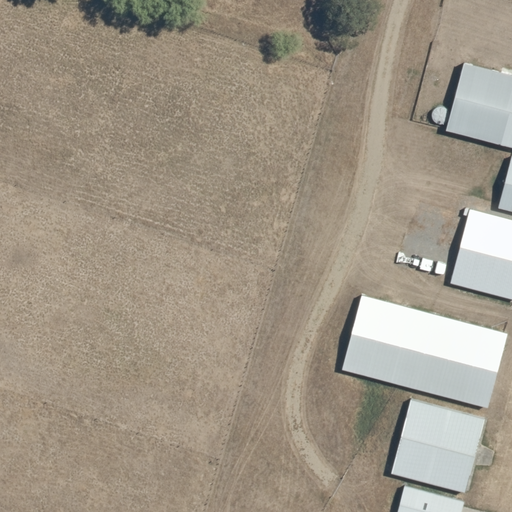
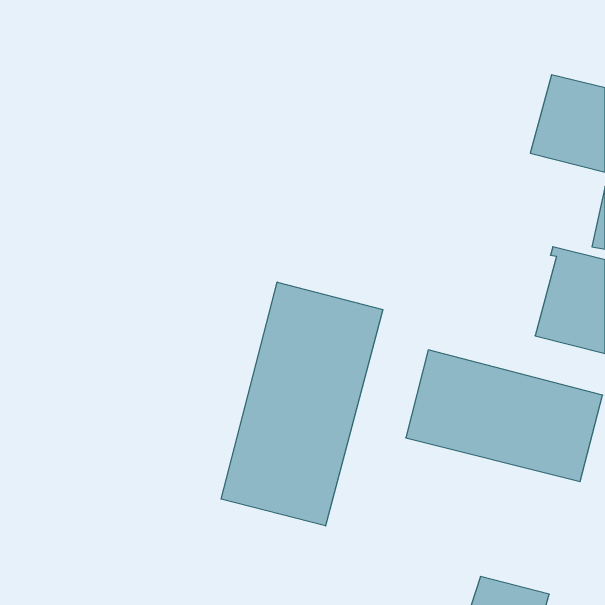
building: none -> [221,282,383,526]
building: [391,400,485,493] -> none

